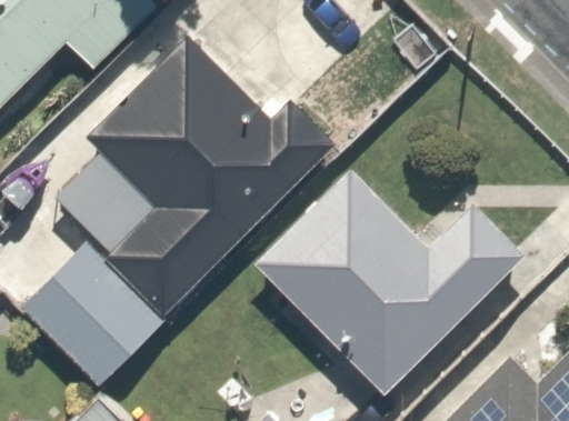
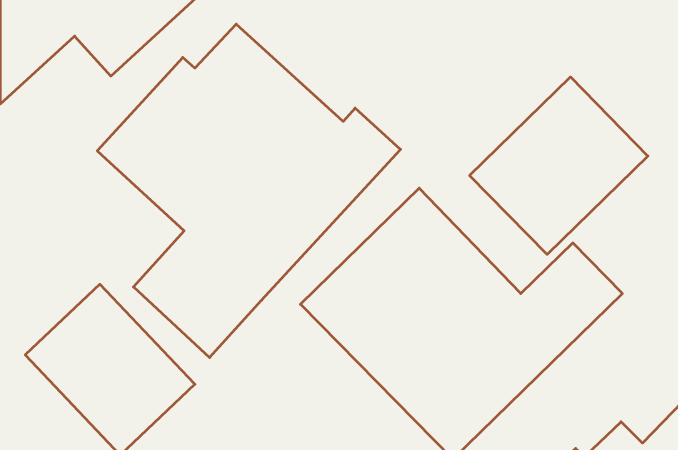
building: none -> [470,77,648,254]

